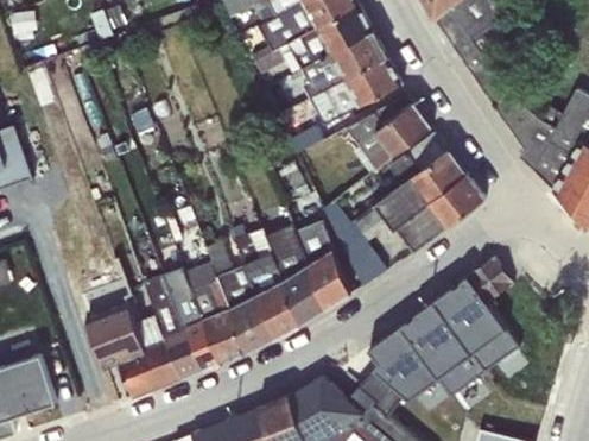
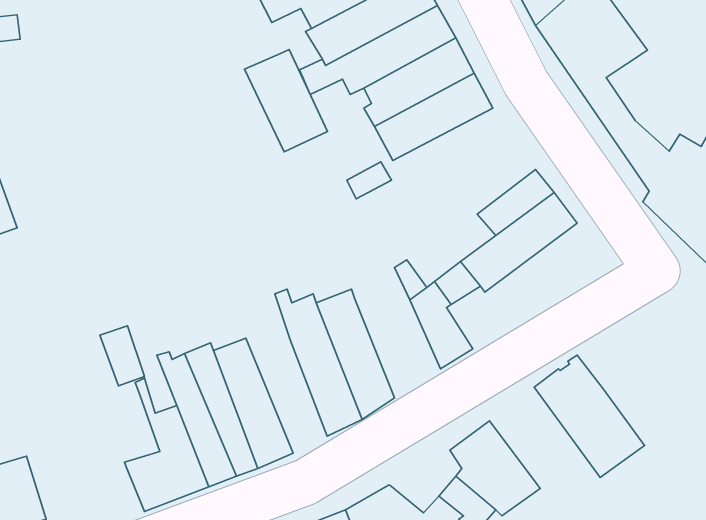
building: none -> [244,49,327,152]
building: [344,95,430,174] -> none
building: [394,174,483,253] -> none
building: [293,220,350,309] -> none
building: [204,241,272,352] -> none
building: [466,257,512,302] -> none
building: [398,301,483,397] -> none
building: [86,303,142,367] -> none

